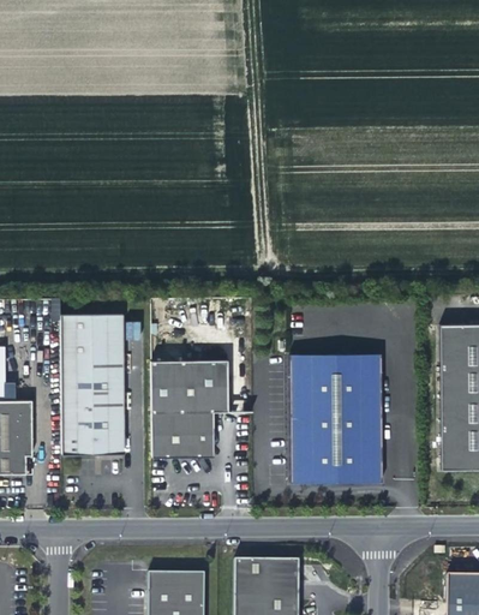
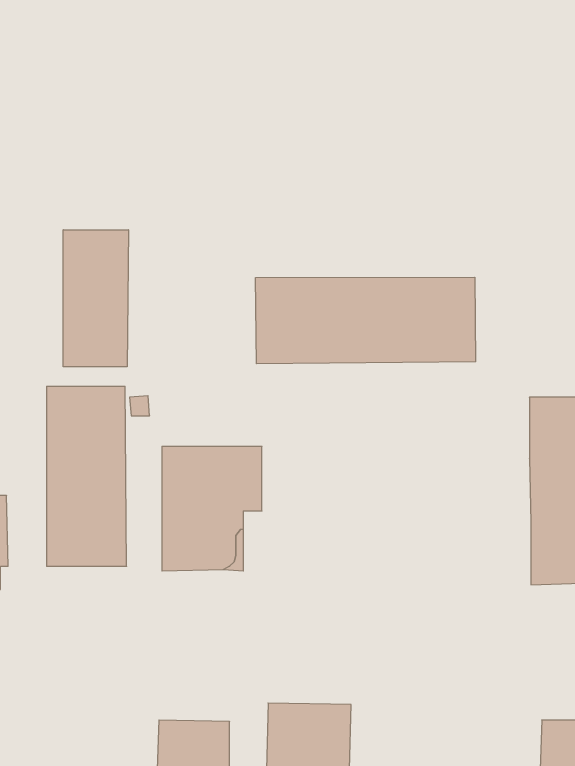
building: none -> [63,230,128,367]
building: none -> [256,277,476,364]
building: [288,352,381,480] -> none

